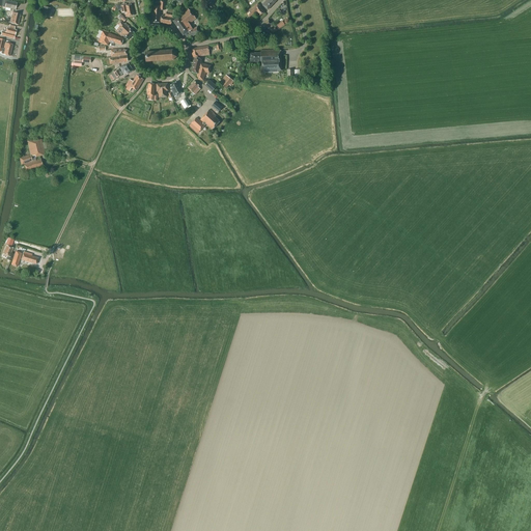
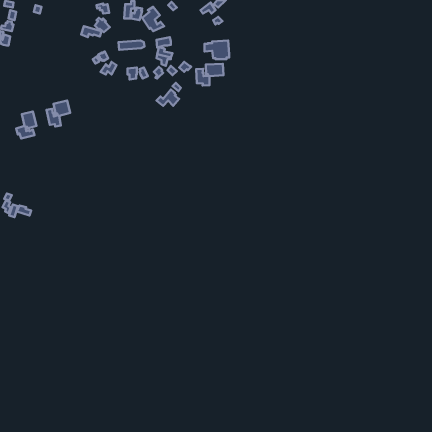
building: none -> [196,64,223,85]
building: none -> [47,101,70,126]

